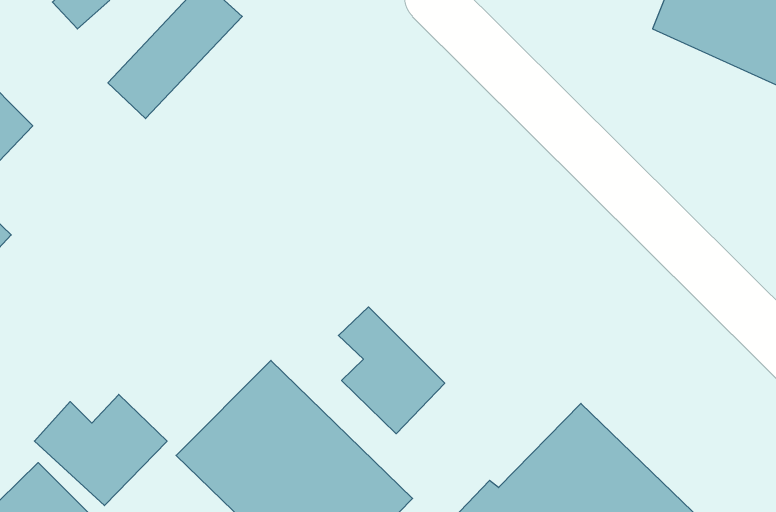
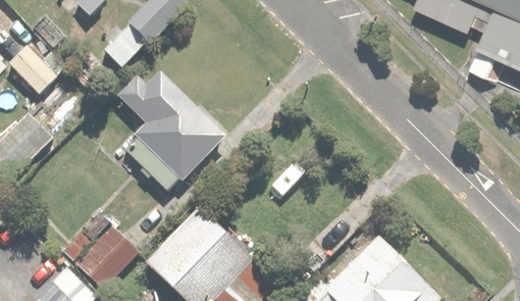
building: none -> [114,68,227,192]
building: [338,307,445,434] -> none

